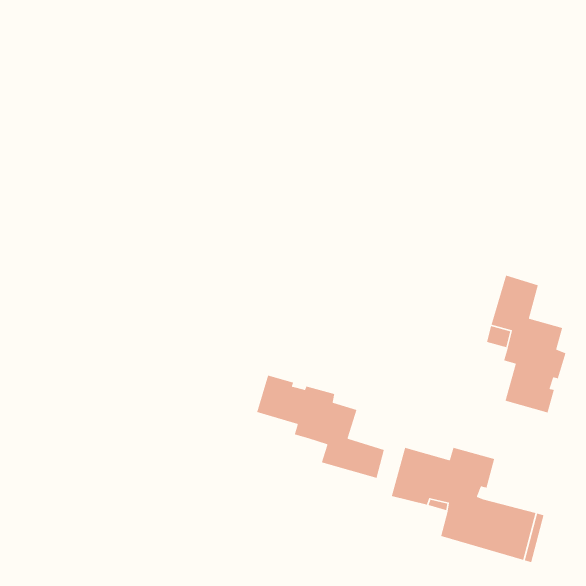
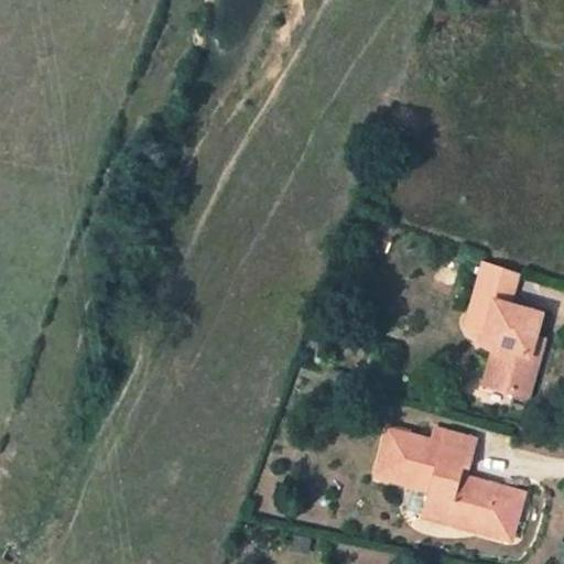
building: [256,374,385,479] -> none

